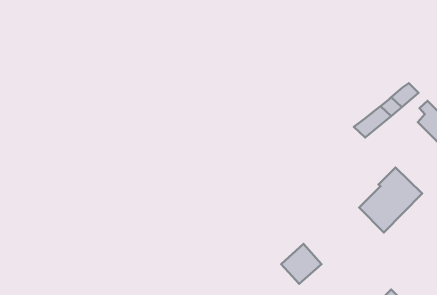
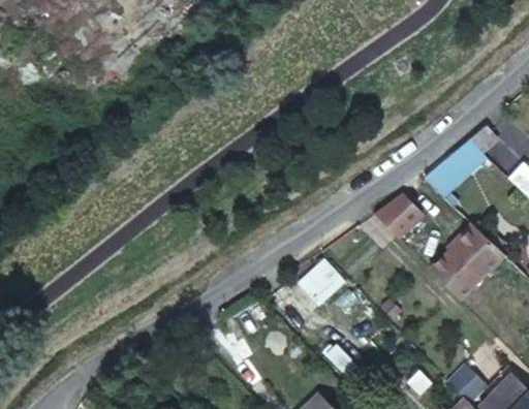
building: none -> [380,190,430,240]
building: [281,244,321,284] -> [300,255,346,302]

